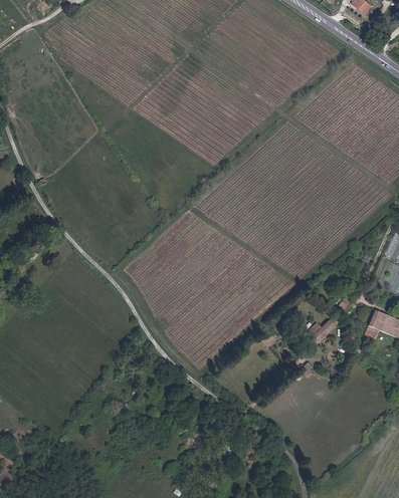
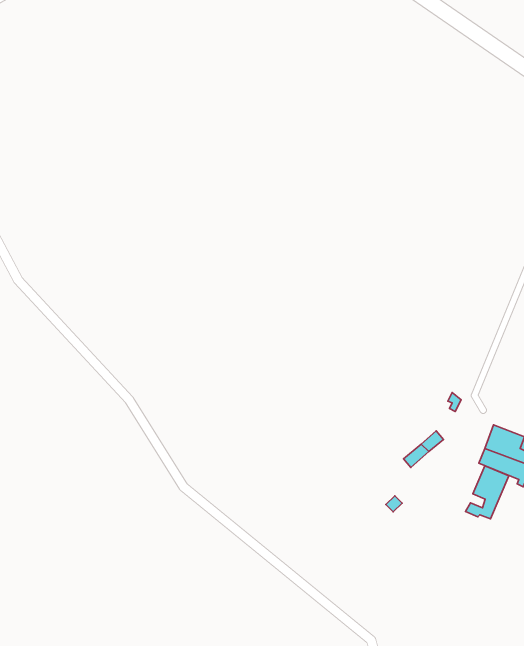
building: none -> [466,466,509,519]

